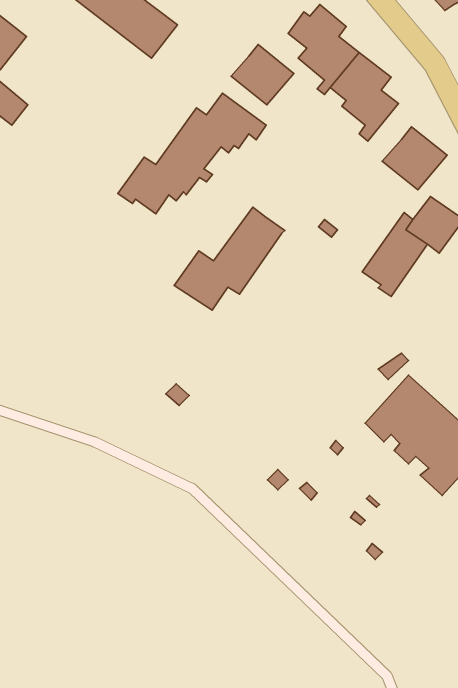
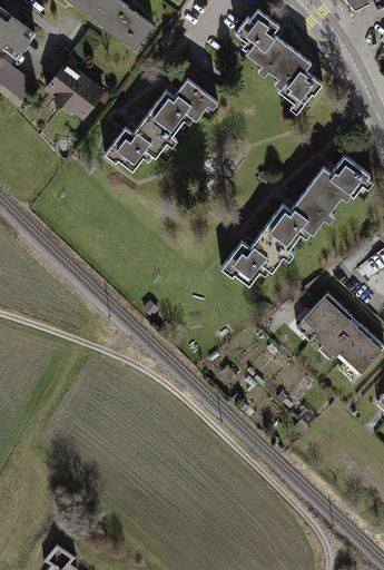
building: [231,45,294,105] -> none
building: none -> [43,58,106,118]
building: [382,127,447,190] -> none
building: [174,207,285,310] -> [221,206,306,285]

